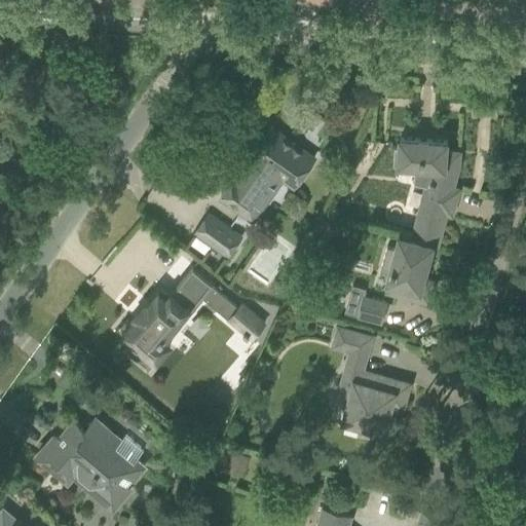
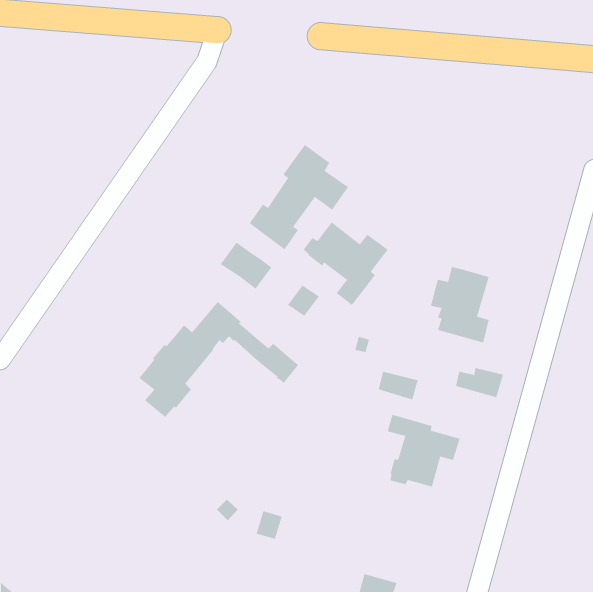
building: [394,139,460,248] -> none
building: none -> [303,221,389,306]
building: [345,298,388,325] -> [455,368,504,398]
building: [37,422,145,500] -> none

